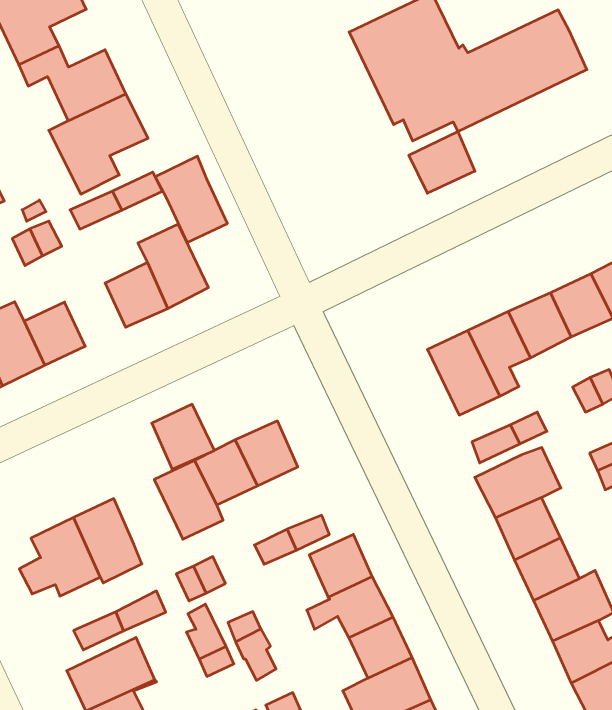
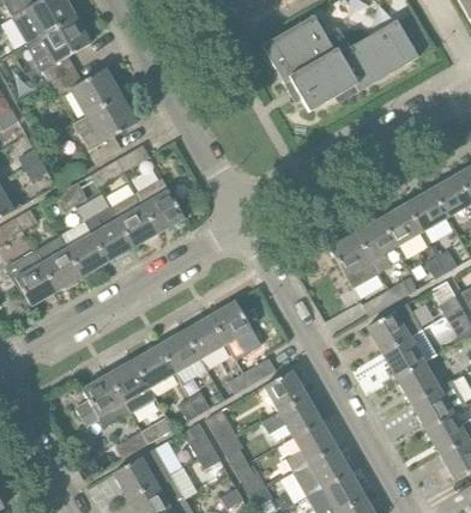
building: [409,132,475,193] -> none
building: [155,156,227,242] -> [84,205,133,261]
building: [152,404,214,469] -> [134,344,176,387]

